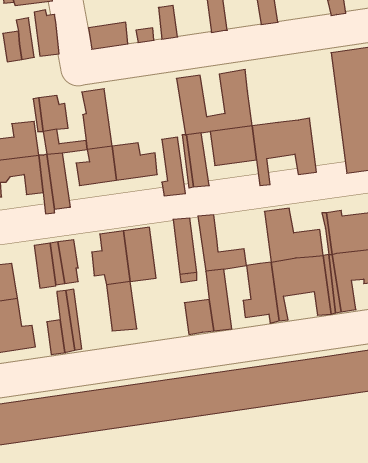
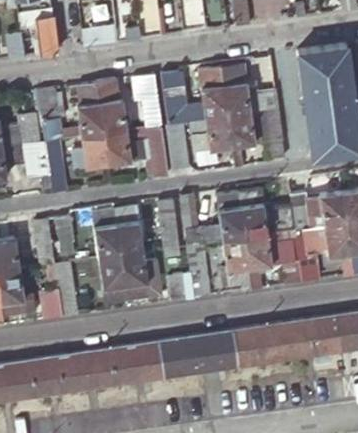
building: none -> [222,63,279,116]
building: none -> [134,74,162,128]
building: none -> [97,80,127,134]
building: none -> [217,192,245,240]
building: none -> [120,251,162,296]

